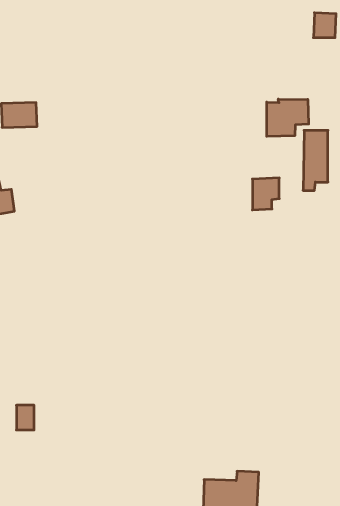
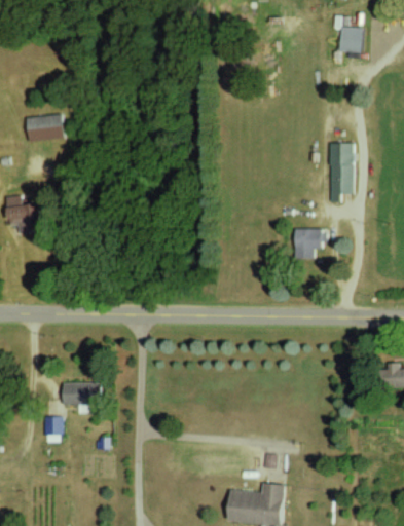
building: [267,99,309,136] -> none
building: [252,178,279,210] -> [295,229,322,261]
building: none -> [62,383,98,412]

